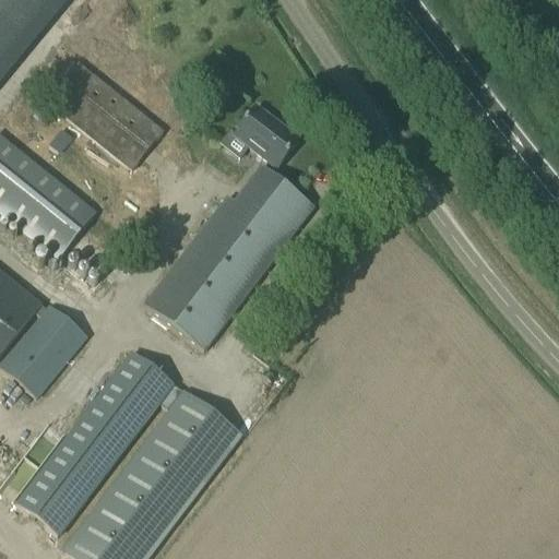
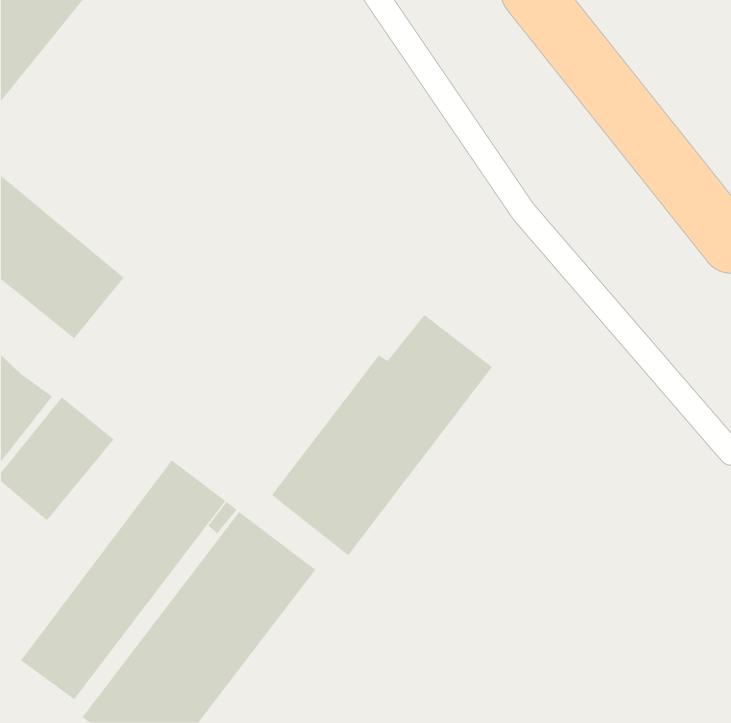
building: [45,60,164,169] -> none
building: [233,105,299,167] -> none
building: [144,165,313,349] -> [271,314,493,556]

